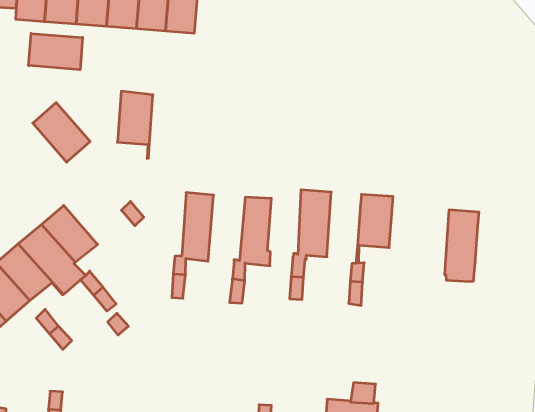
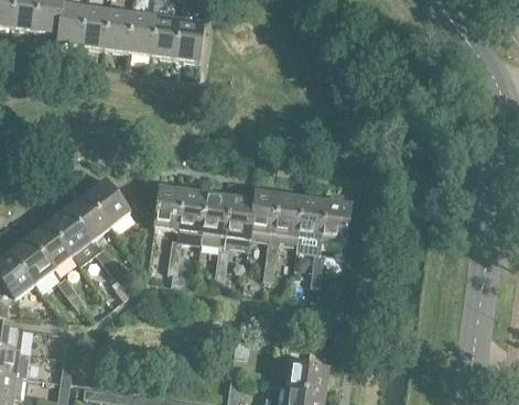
building: [29,33,83,70] -> none
building: [117,91,153,158] -> [153,184,184,239]
building: [33,103,90,162] -> [85,177,130,226]
building: none -> [247,188,277,243]
building: none -> [198,191,231,245]
building: [445,210,479,281] -> [294,195,325,253]

